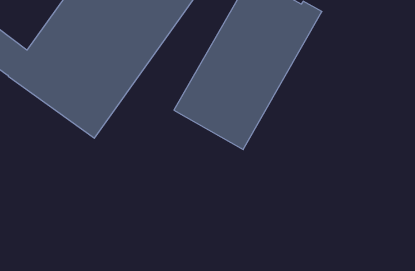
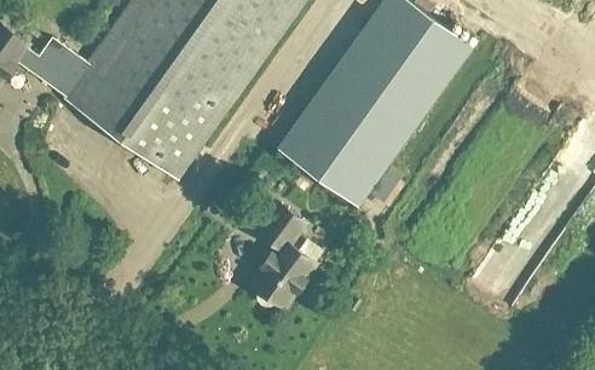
building: none -> [250,207,317,311]

